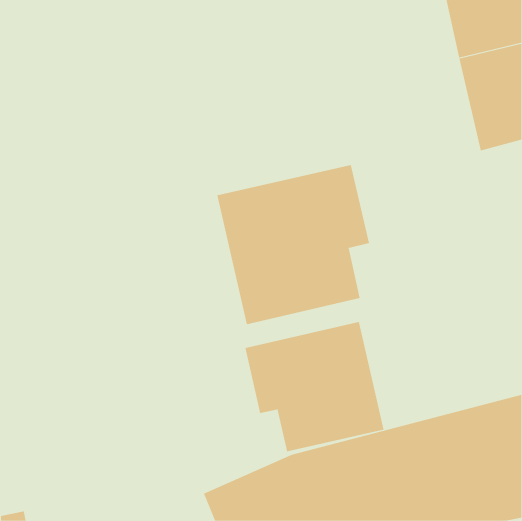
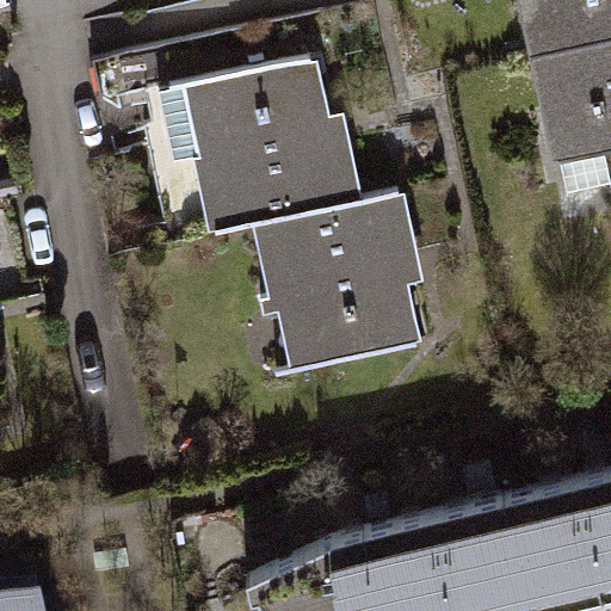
building: none -> [177,63,364,239]
building: [245,321,384,452] -> none

